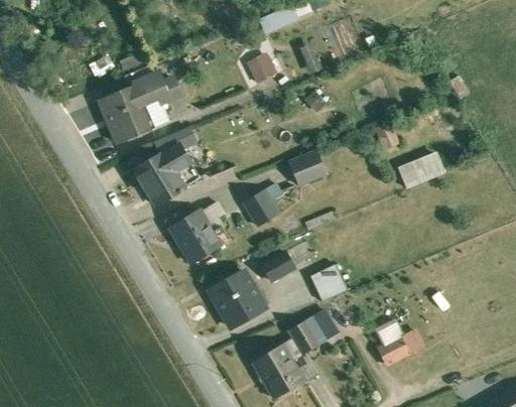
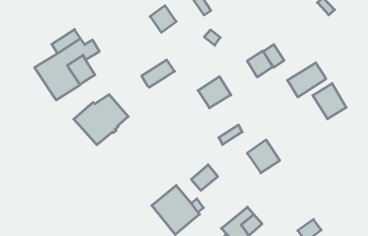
building: [155,127,196,156] -> [142,60,175,87]
building: none -> [247,51,273,77]
building: none -> [313,83,346,119]
building: [244,183,282,227] -> none
building: [170,210,230,263] -> none
building: [310,264,348,302] -> [247,140,280,173]

